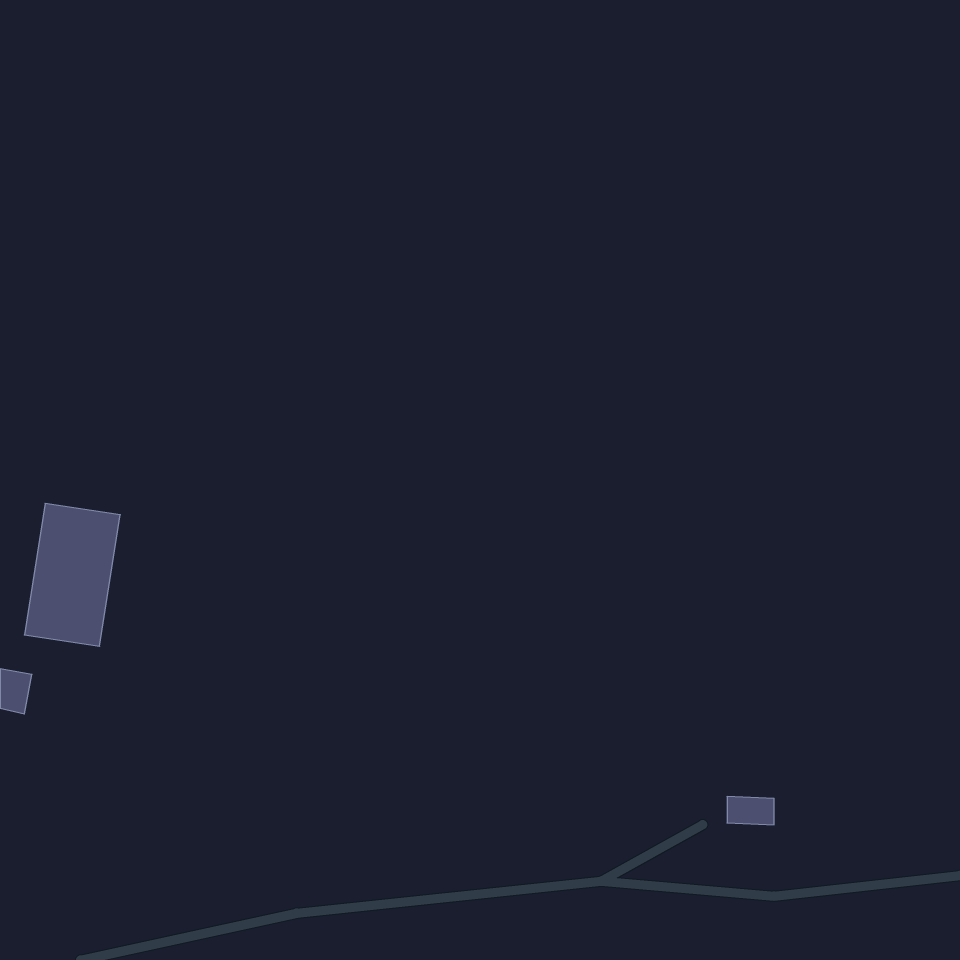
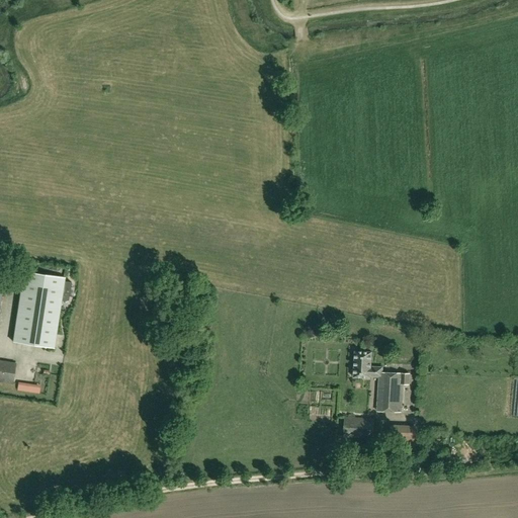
building: none -> [353,351,410,412]
building: none -> [344,417,374,438]

